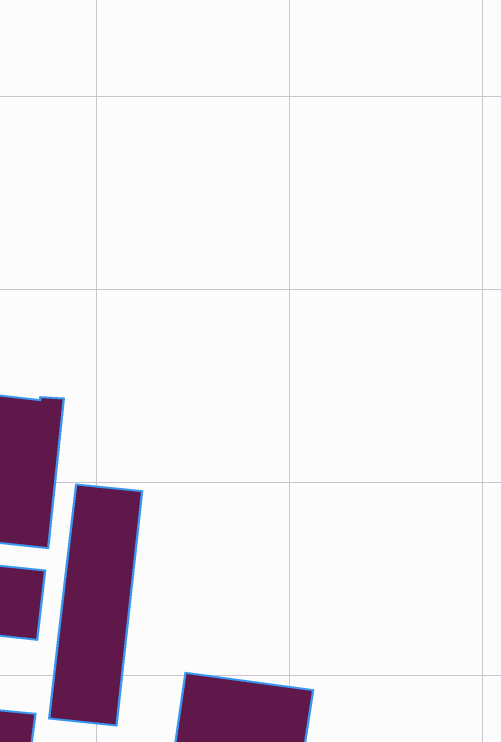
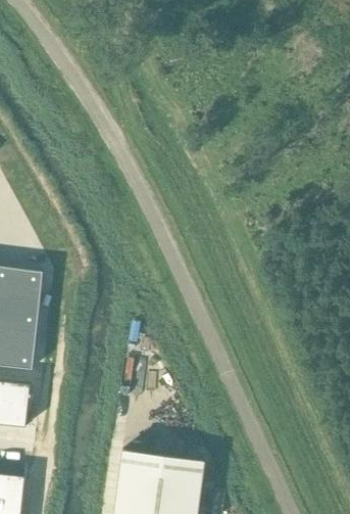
building: [49,485,142,725] -> none

